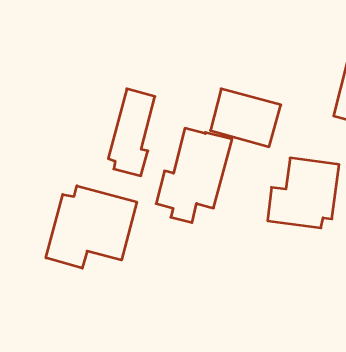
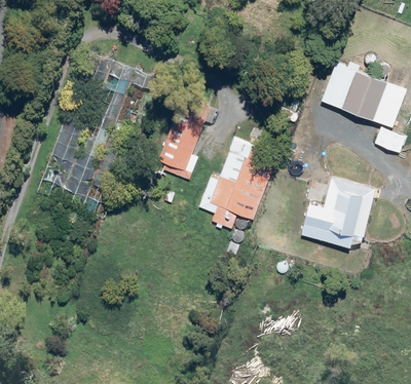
building: [210,89,281,147] -> [319,62,387,121]
building: [46,186,137,268] -> none

